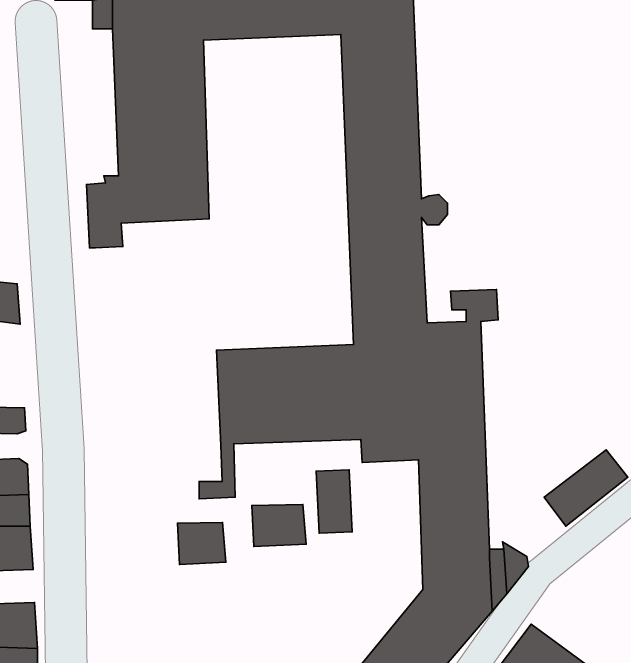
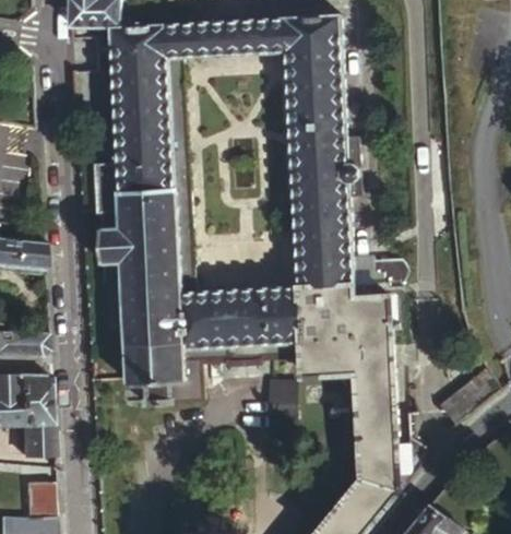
building: none -> [98,192,194,412]
building: [252,505,306,547] -> none
building: [177,523,226,565] -> none

